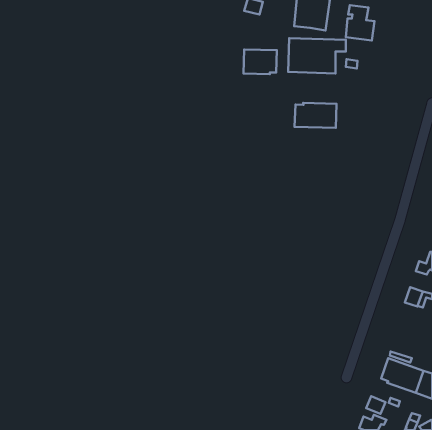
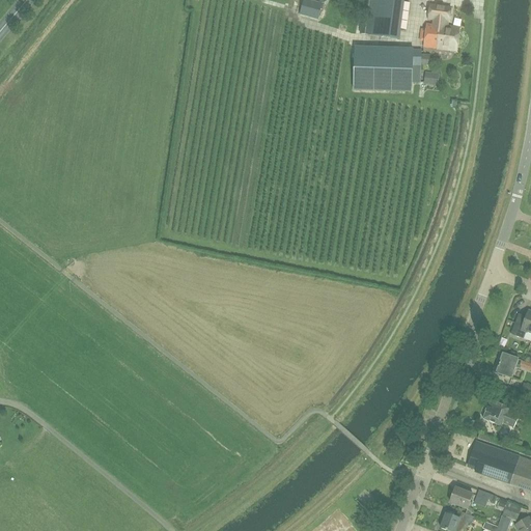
building: [243,49,277,74] -> none
building: [294,103,337,128] -> none
building: none -> [483,398,519,426]

